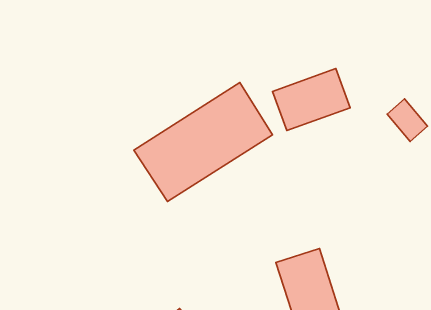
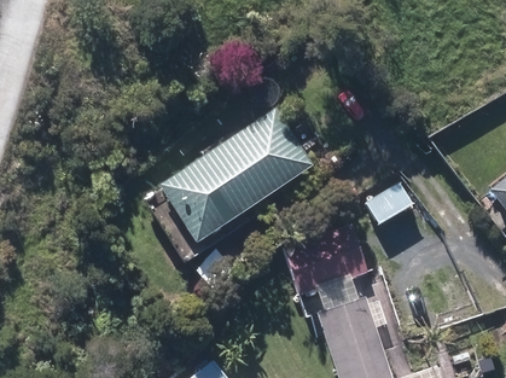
building: [272,68,350,131] -> [280,225,366,293]

